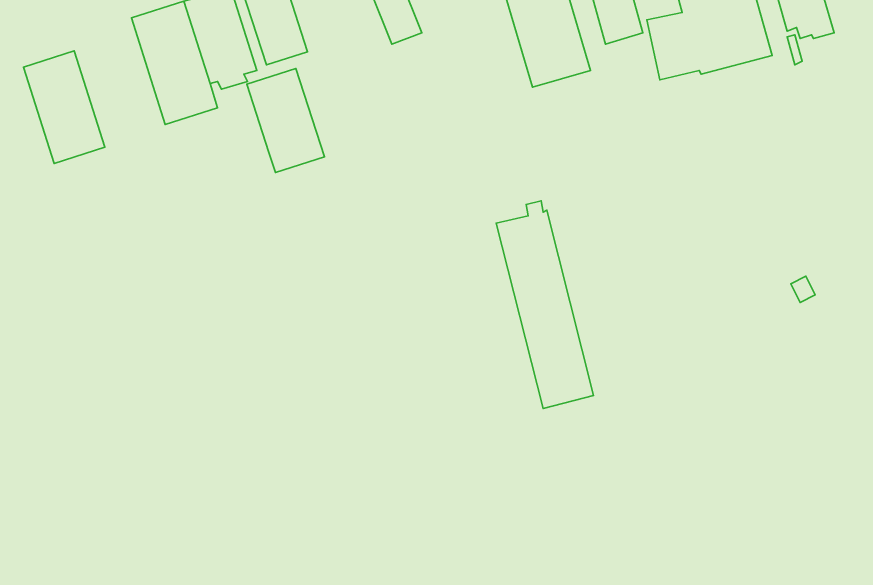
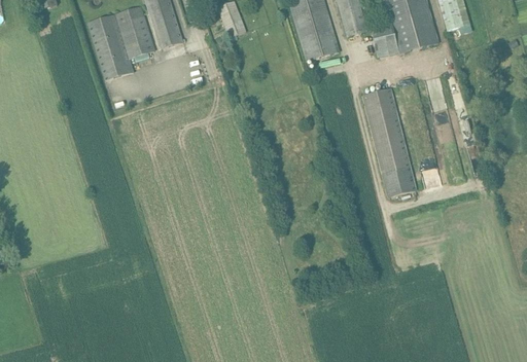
building: [24,51,105,163] -> none
building: [247,68,325,172] -> none
building: [496,201,594,409] -> [362,82,416,196]

